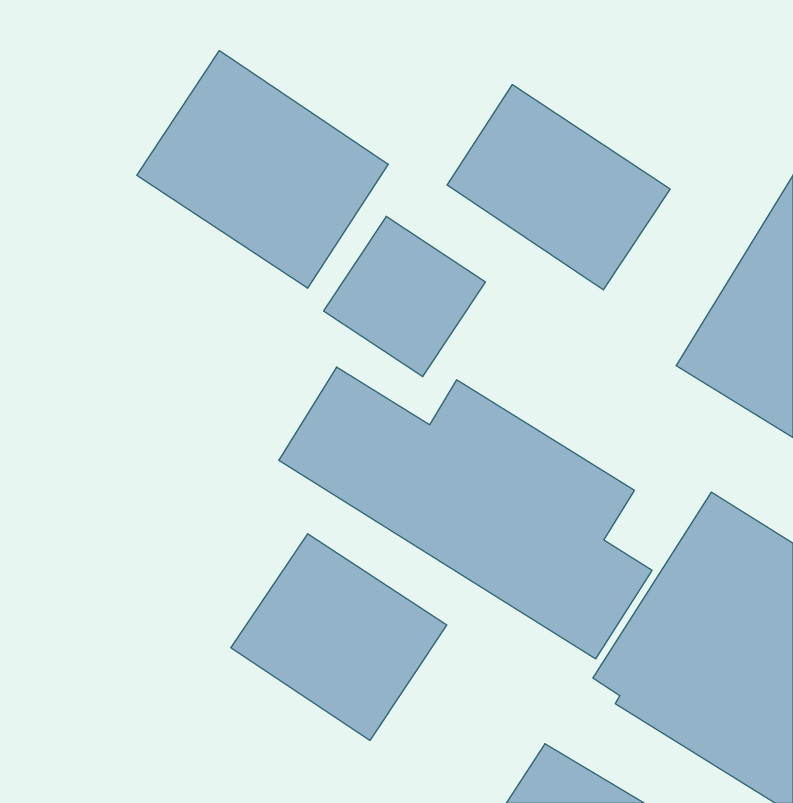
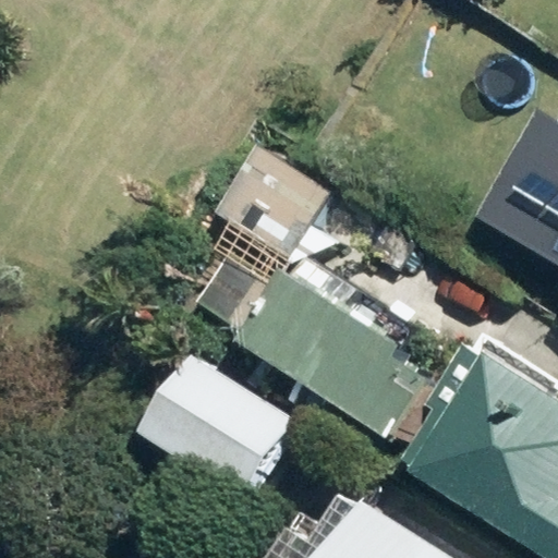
building: [137,51,388,288] -> none
building: [447,85,670,290] -> none

